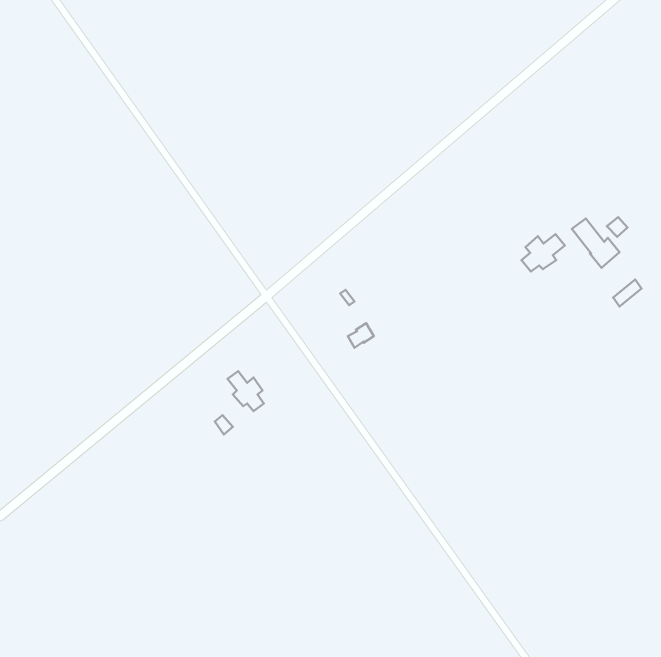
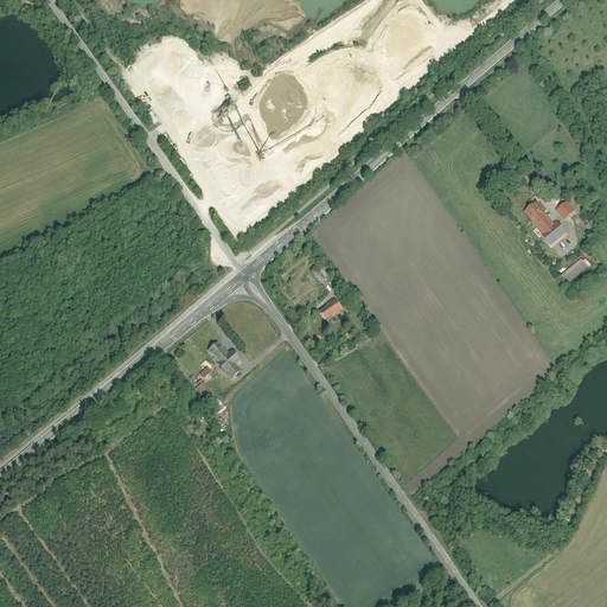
building: [522,234,565,272] -> none

